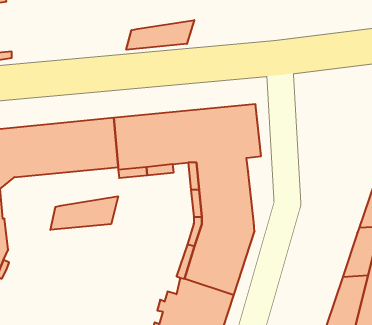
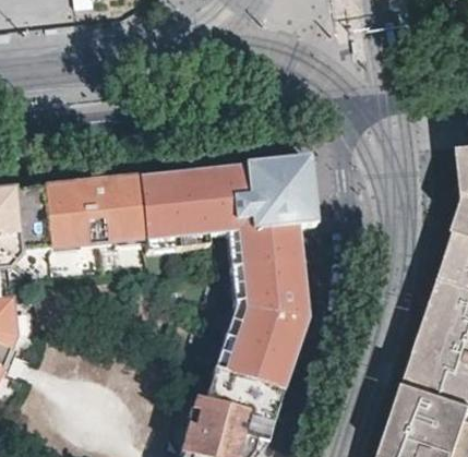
building: [126,20,194,50] -> none
building: [50,196,118,230] -> none

